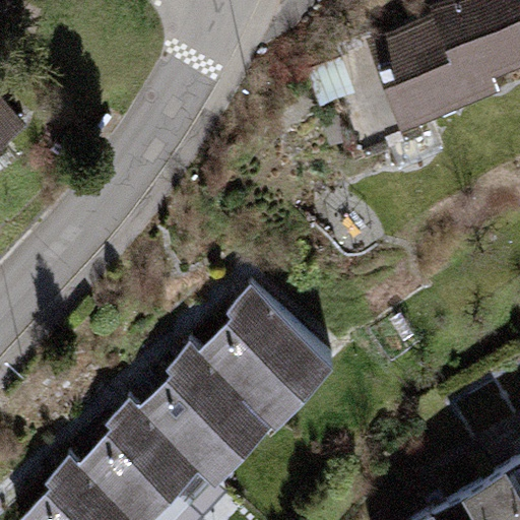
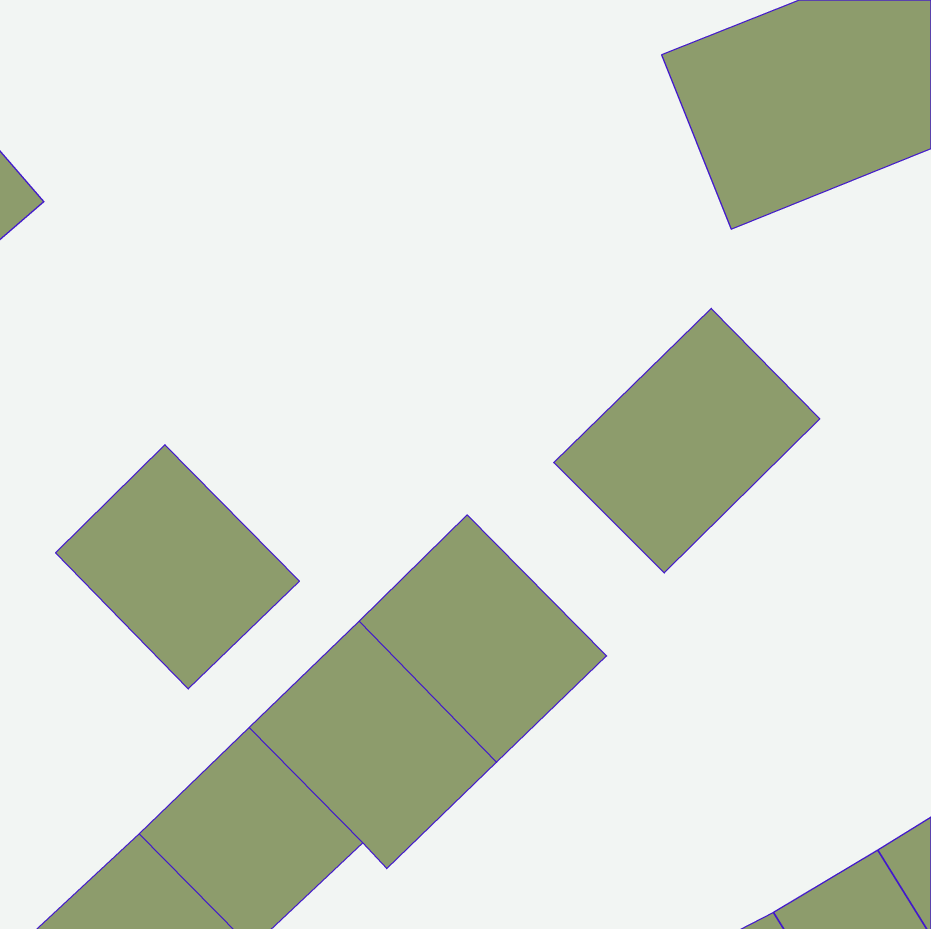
building: none -> [554,308,820,573]
building: none -> [56,445,299,689]

